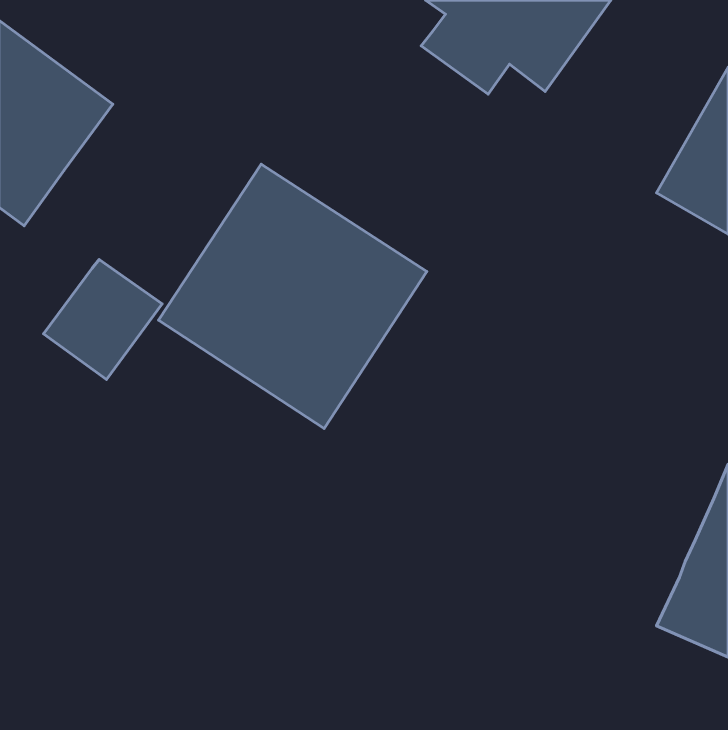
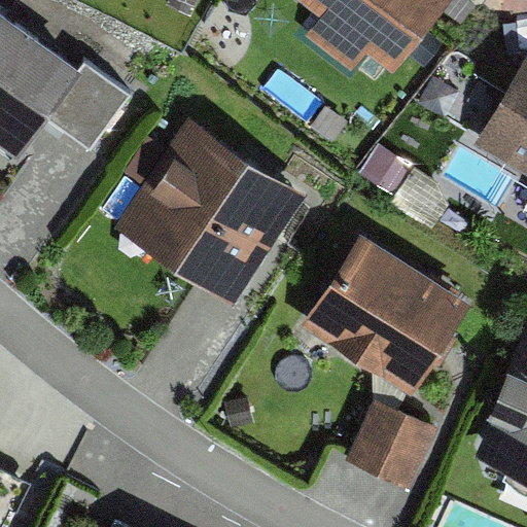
building: [44,260,162,380] -> [46,69,132,155]
building: none -> [303,237,471,398]
building: none -> [346,400,440,491]

